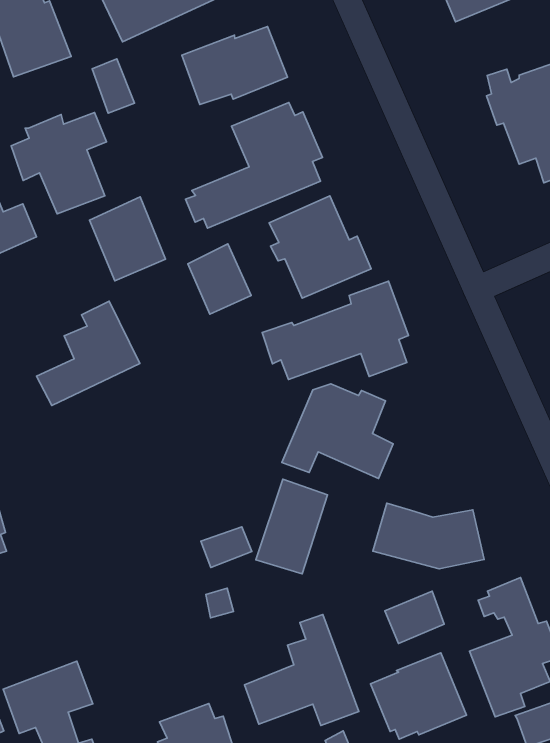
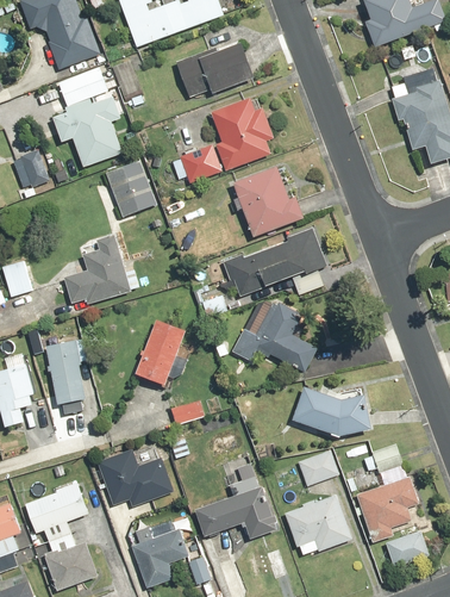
building: none -> [58,68,114,104]
building: [188,244,251,314] -> none
building: none -> [43,338,86,403]
building: [256,479,328,574] -> [132,316,186,384]
building: none -> [98,446,174,504]

